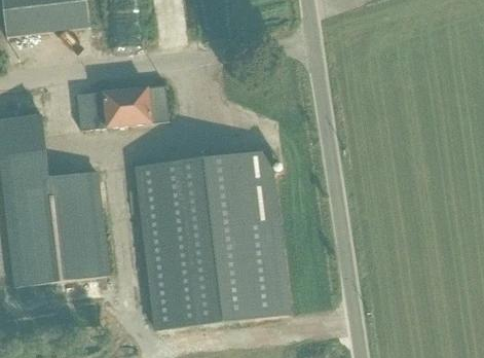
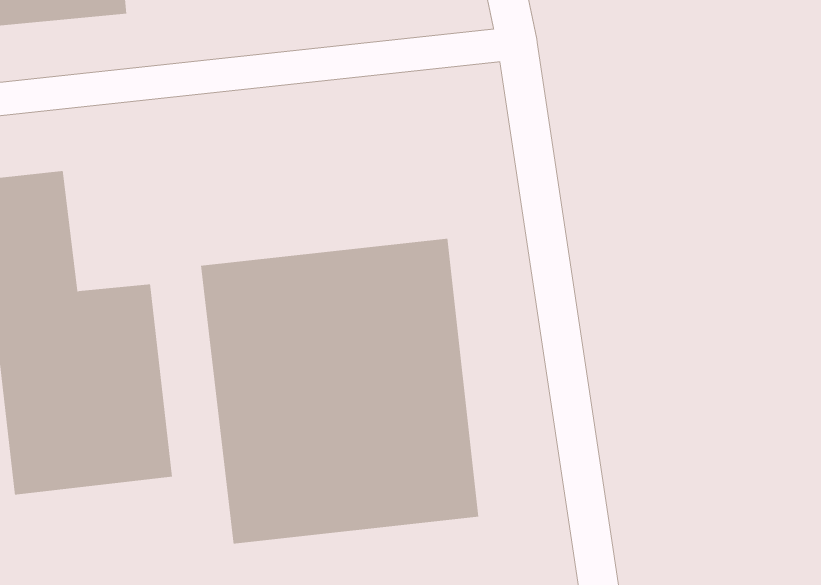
building: [72,87,162,132] -> none

